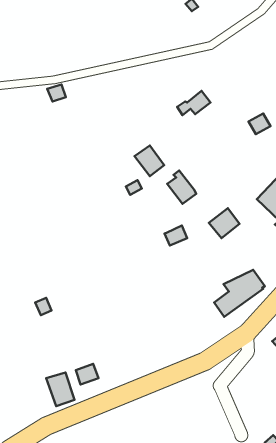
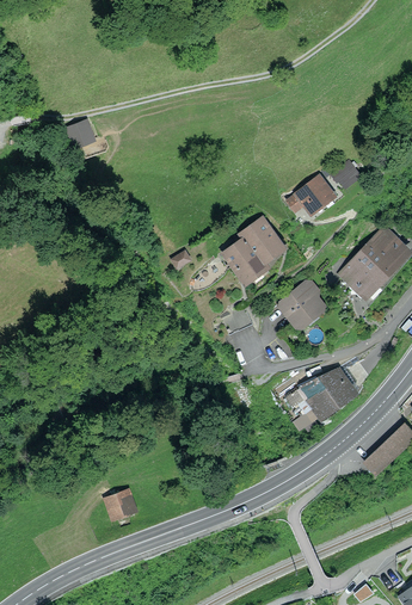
building: [177,91,211,115] -> [287,179,331,211]
building: [134,145,164,176] -> [241,221,281,261]
building: [46,373,74,406] -> none

